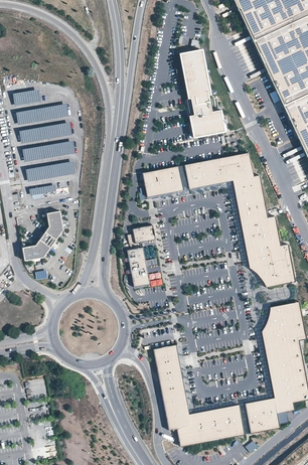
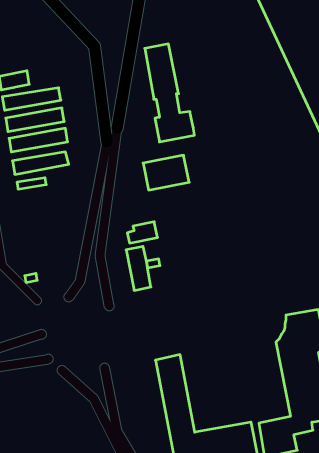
building: [180,52,224,140] -> [145,44,194,142]
building: [184,153,295,288] -> none
building: [22,210,62,261] -> none

